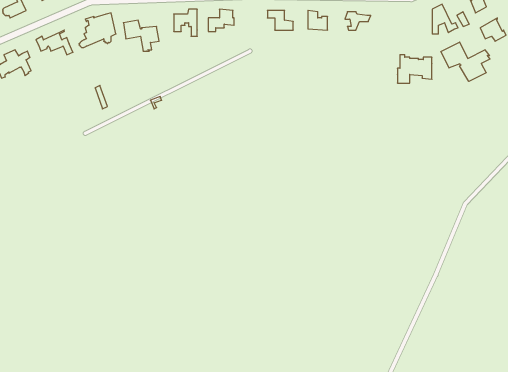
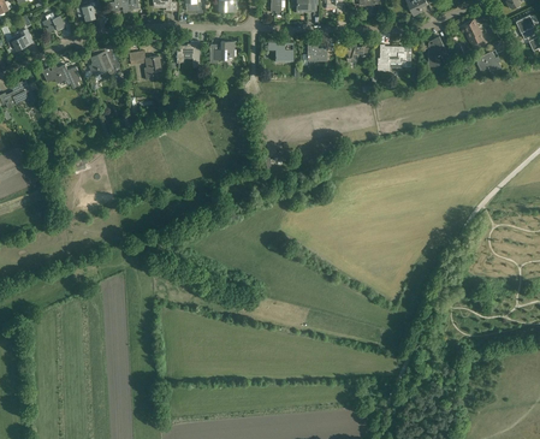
building: [441,42,490,81] -> none
building: [397,55,432,83] -> [378,43,411,71]

